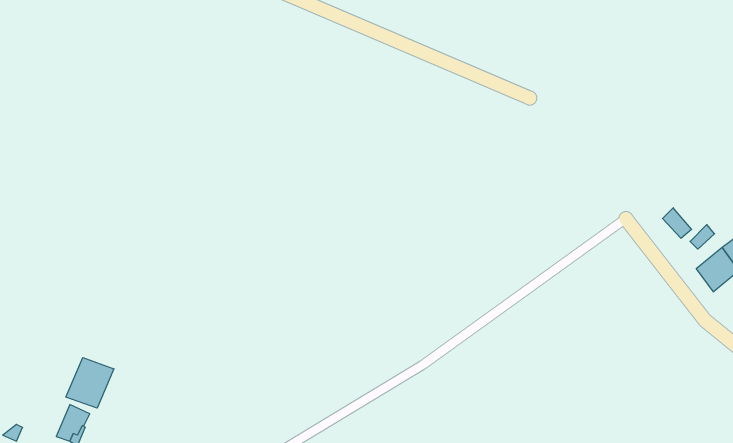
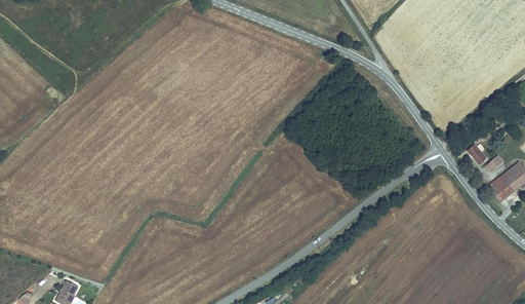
building: [66,358,114,408] -> none

